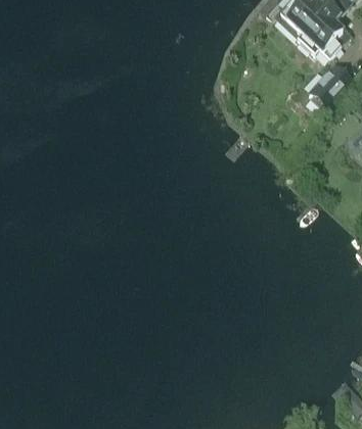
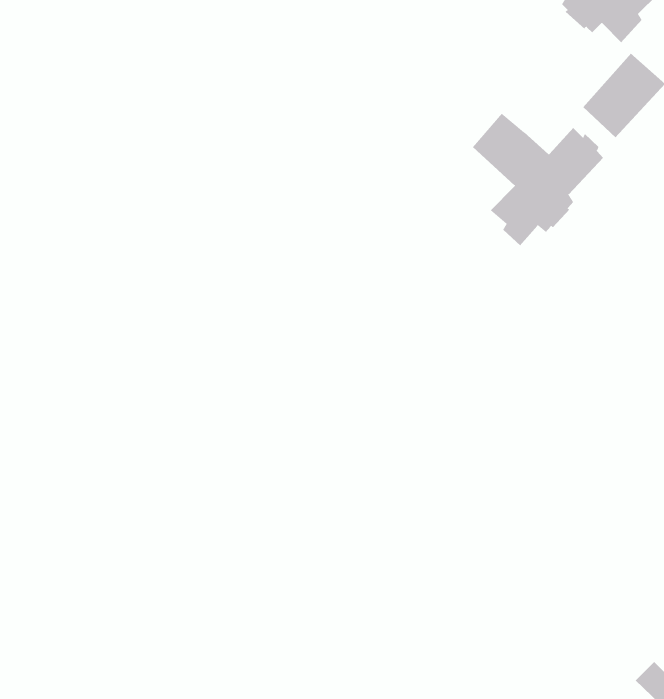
building: none -> [472,113,604,246]

